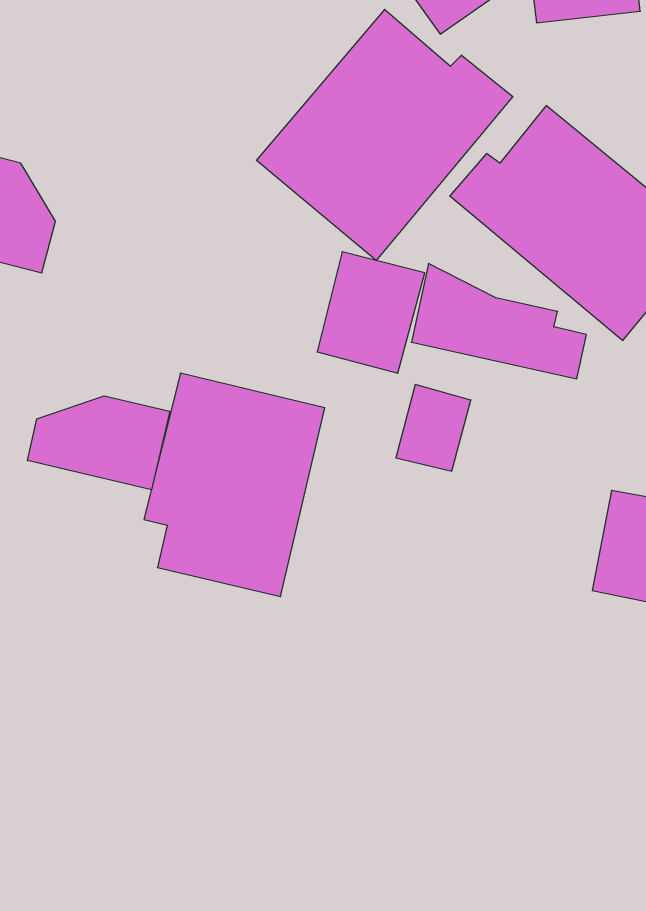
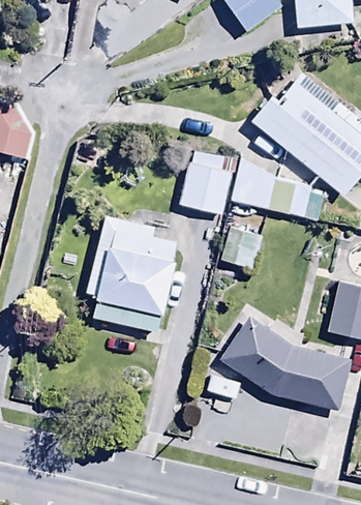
building: [257,9,513,261] -> none
building: [28,396,170,490] -> none
building: none -> [218,315,351,411]

